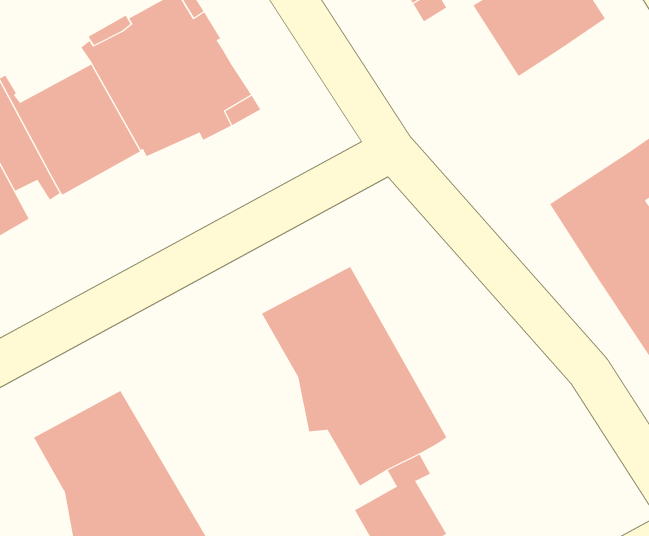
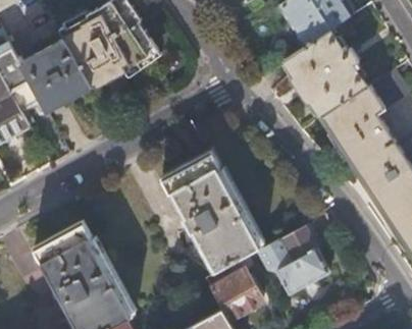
building: none -> [282,30,366,116]
building: none -> [258,225,331,293]

